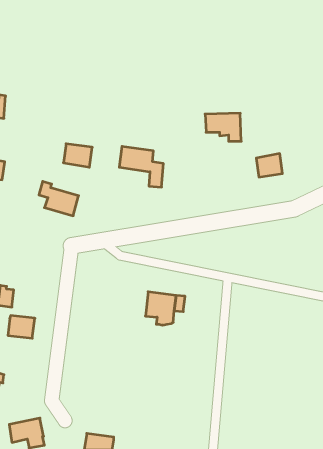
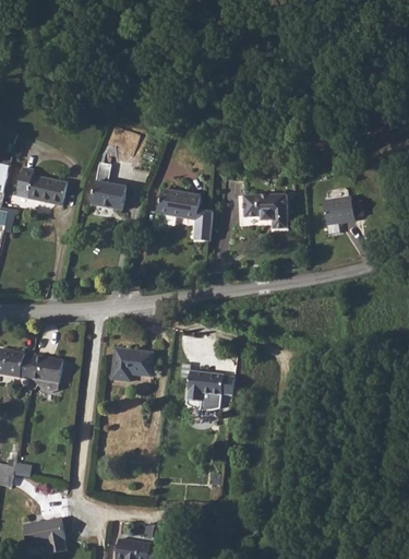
building: [205,113,241,141] -> [241,194,285,228]
building: [39,181,79,216] -> [23,168,71,210]
building: none -> [112,347,154,379]
building: [8,316,35,338] -> [27,358,60,385]

